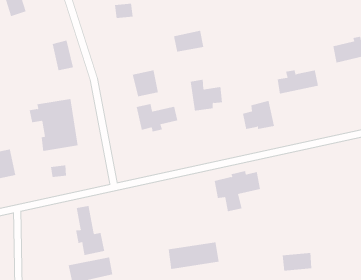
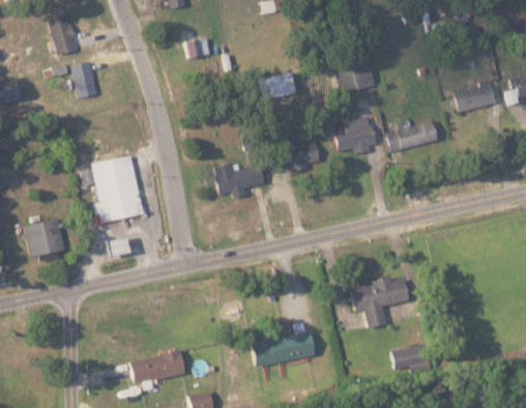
building: none -> [334,57,376,93]
building: [52,40,74,71] -> [71,60,98,98]
building: [132,69,159,97] -> none
building: [242,100,275,130] -> [335,115,376,151]
building: [214,171,261,212] -> [352,276,410,327]
building: [76,205,105,256] -> none

